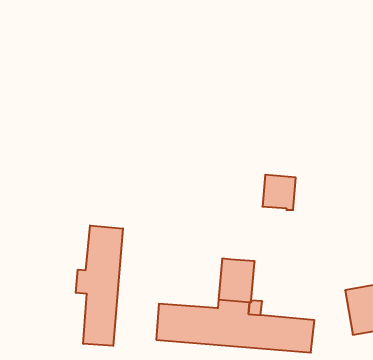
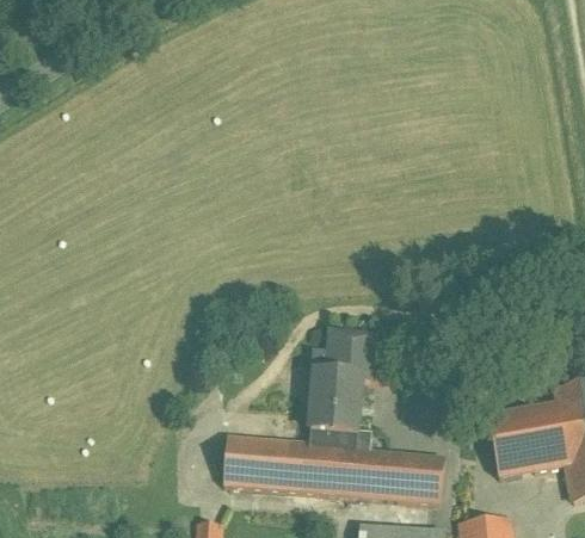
building: [262,175,296,210] -> [326,327,372,376]
building: [76,225,123,346] -> none

